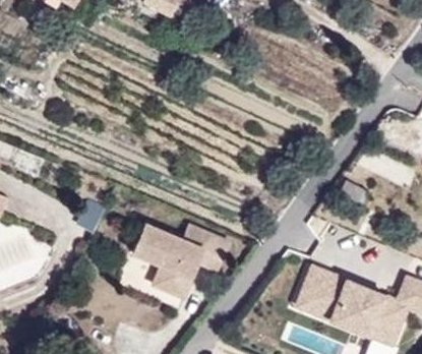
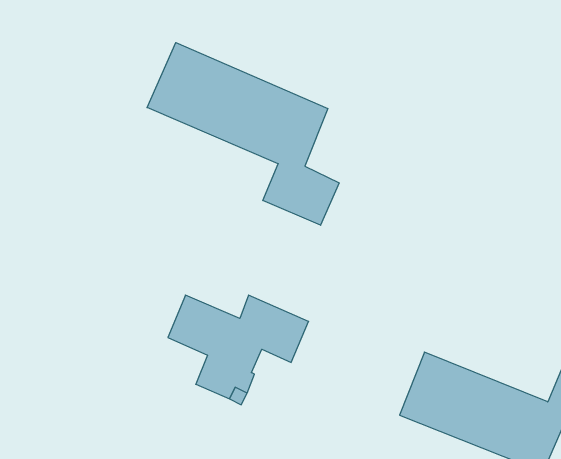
building: none -> [147,43,339,225]

